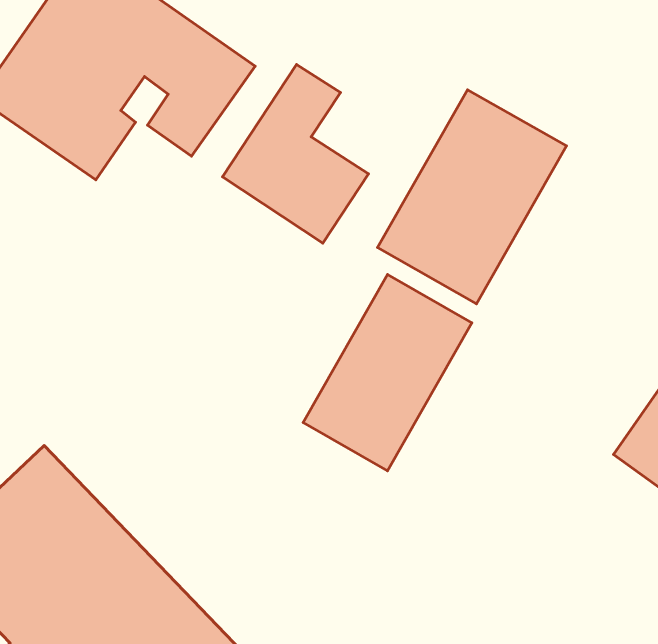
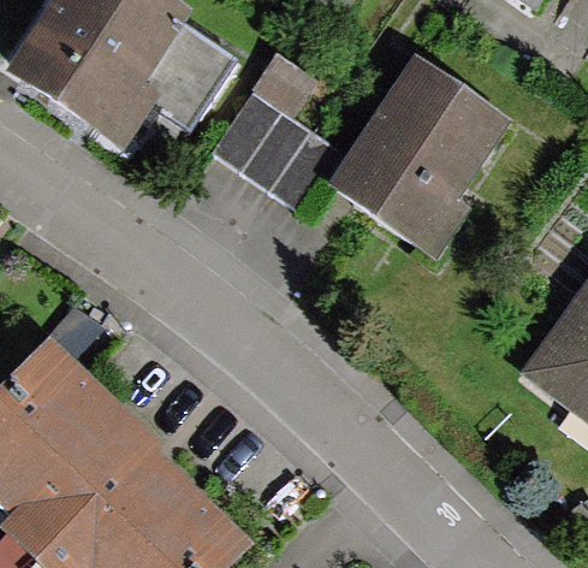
building: [303,275,472,471] -> none

